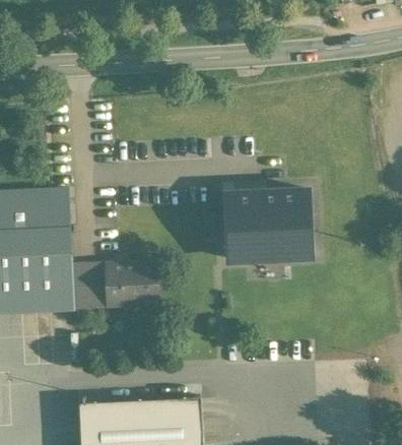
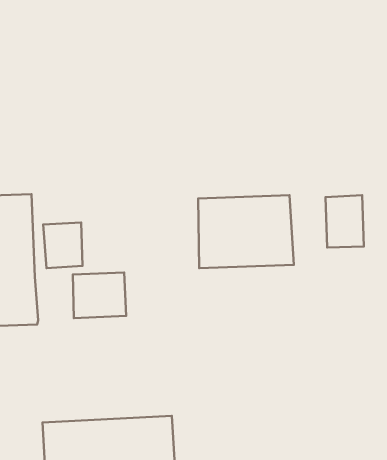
building: none -> [325,195,364,247]
building: [71,264,108,307] -> [43,222,82,268]

